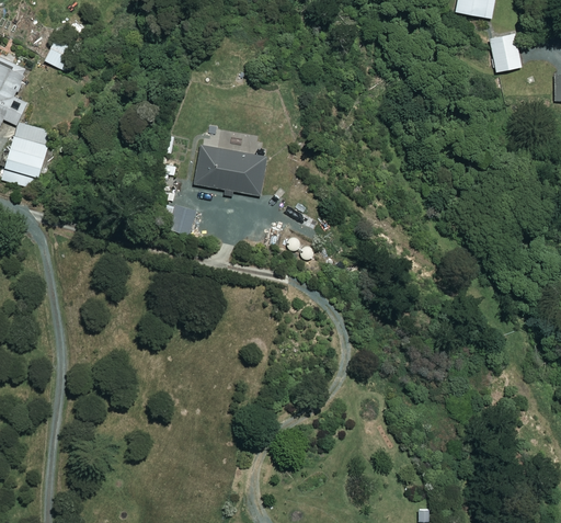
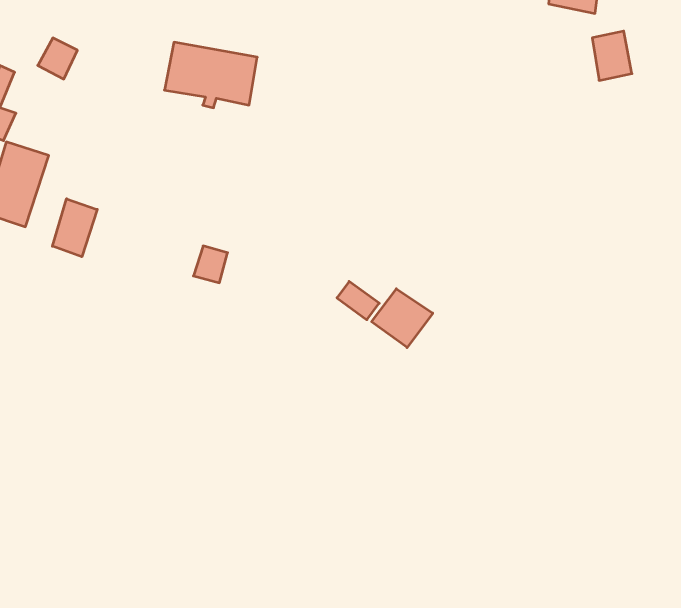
building: [192,145,266,197] -> [164,42,257,108]
building: none -> [52,199,97,257]
building: none -> [372,289,433,348]

